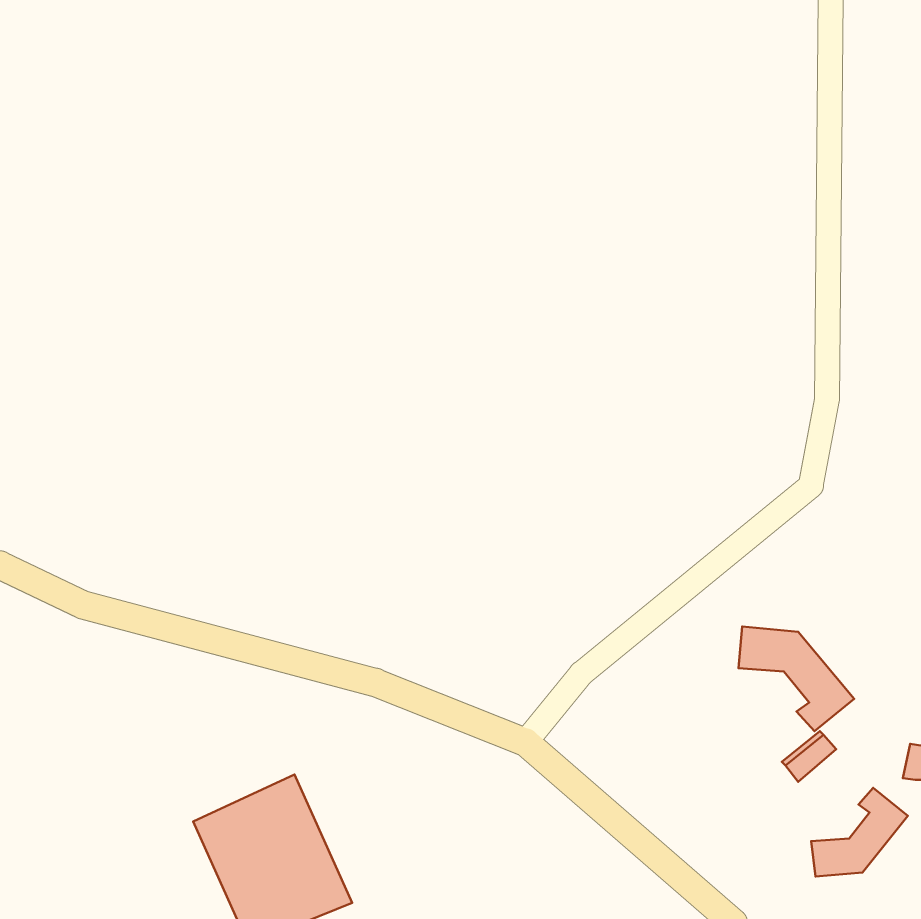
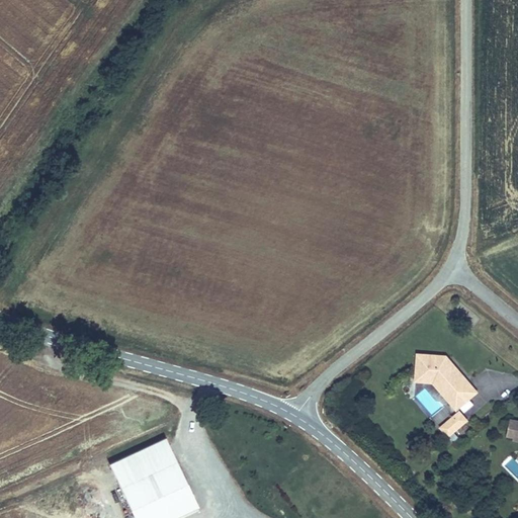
building: none -> [415,376,454,401]
building: [811,788,908,877] -> none

